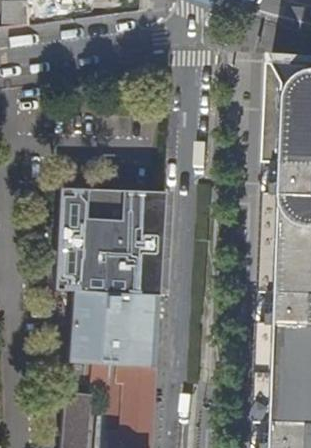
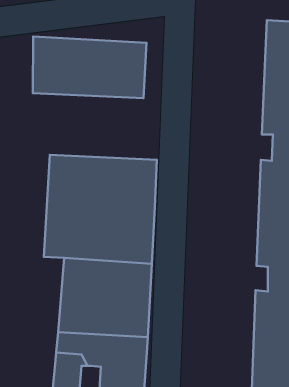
building: none -> [33,37,146,98]

